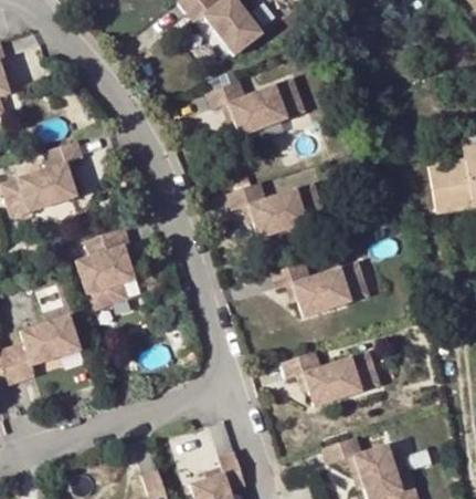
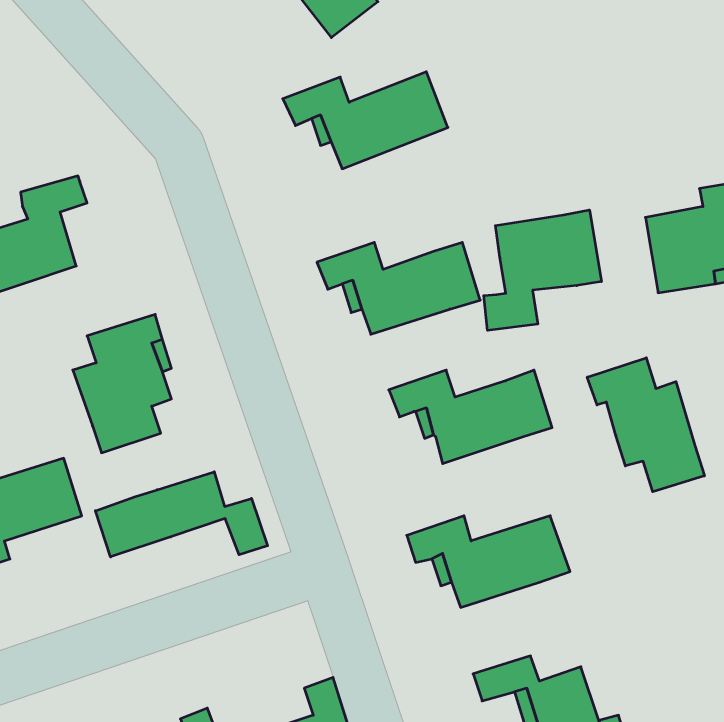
building: none -> [484,210,601,330]
building: none -> [587,358,704,492]
building: none -> [95,472,268,557]

